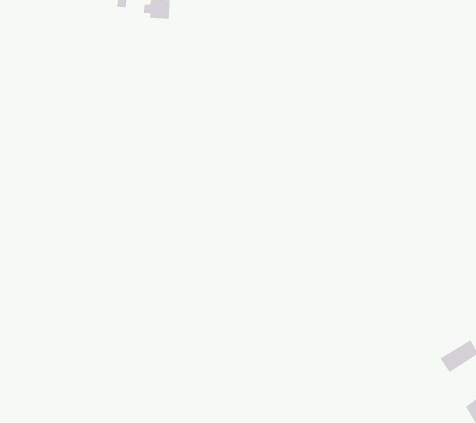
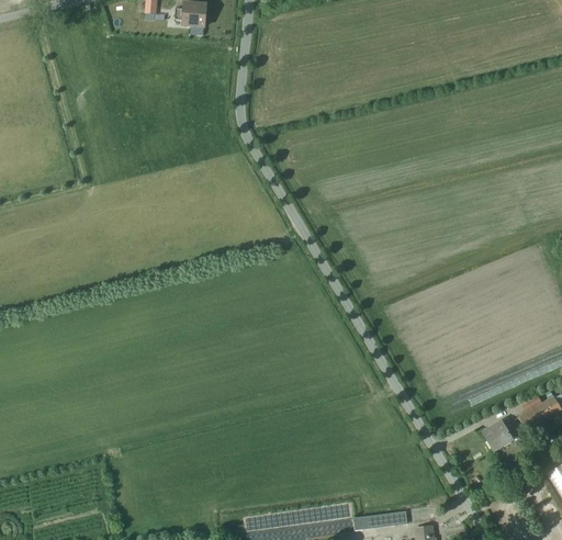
building: none -> [482,417,515,450]

